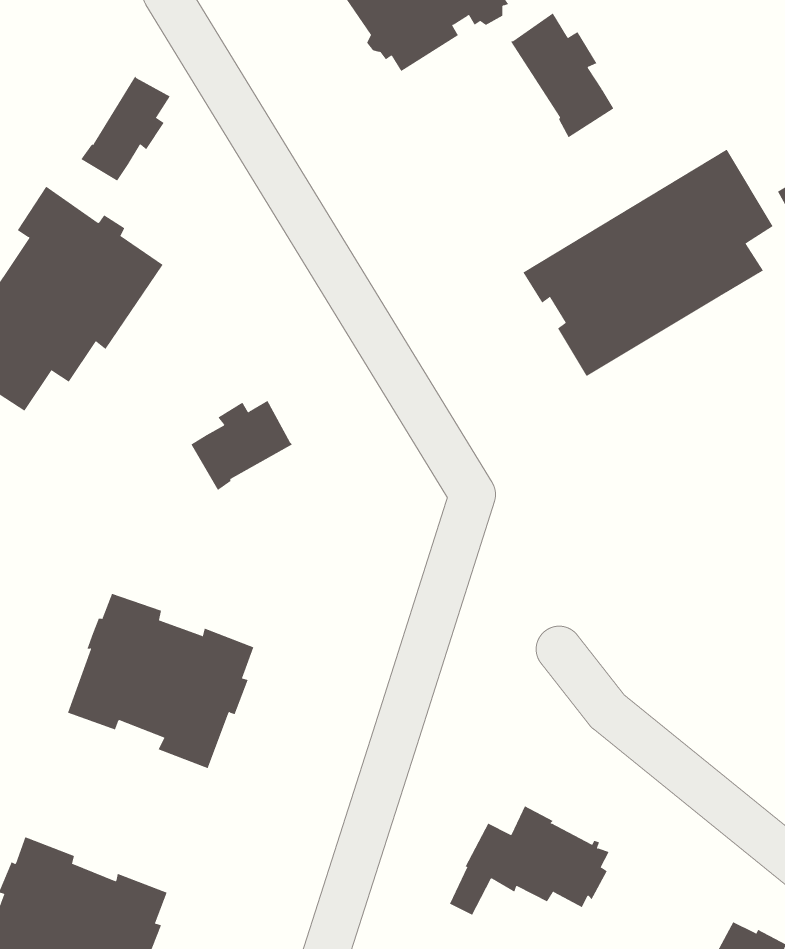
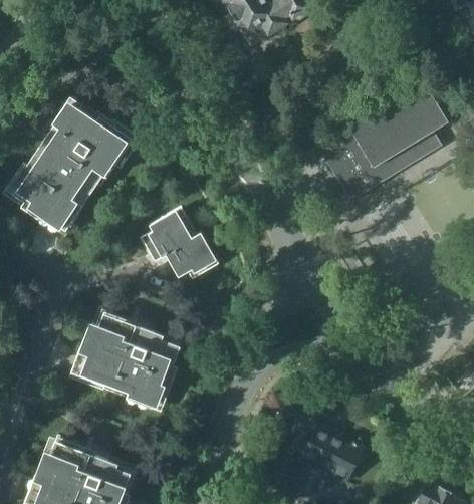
building: [510,13,614,138] -> none
building: [81,76,170,182] -> none
building: none -> [164,233,213,278]

